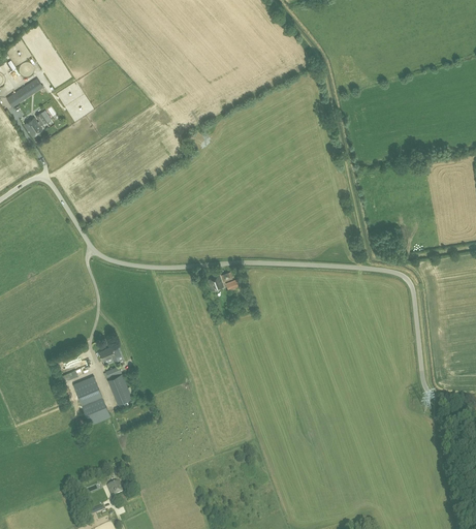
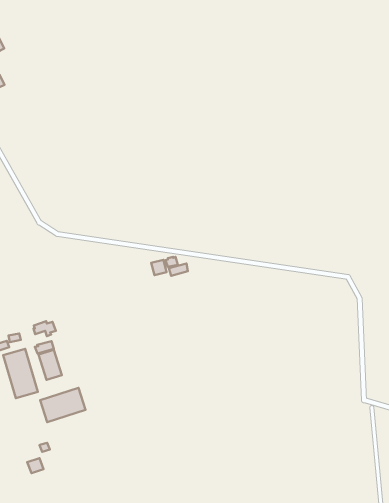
building: none -> [40,388,86,422]

